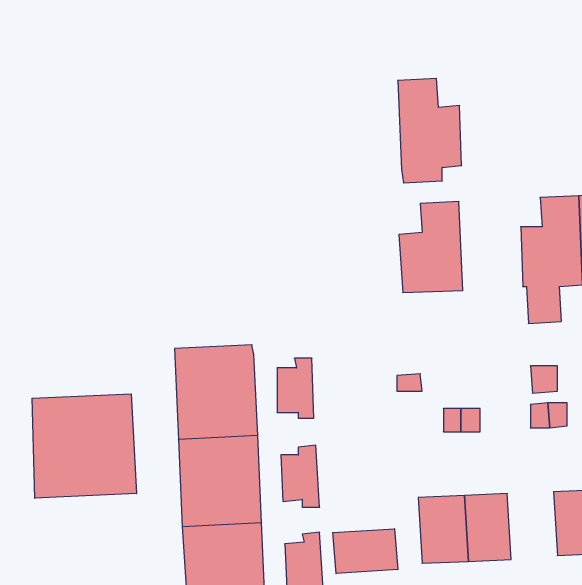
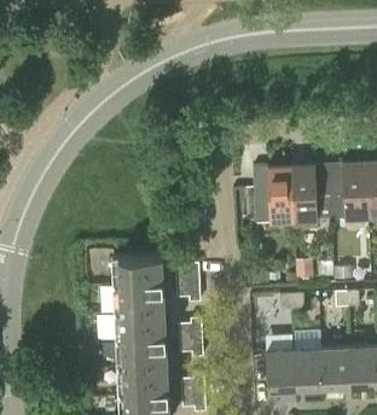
building: [398,78,462,183] -> [290,164,330,229]
building: [32,394,136,498] -> none
building: none -> [320,346,352,388]
building: [333,529,398,574] -> none

